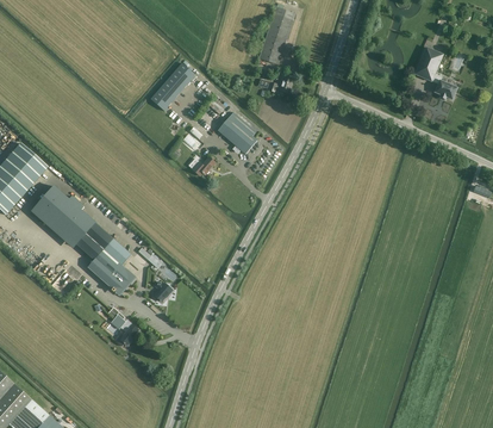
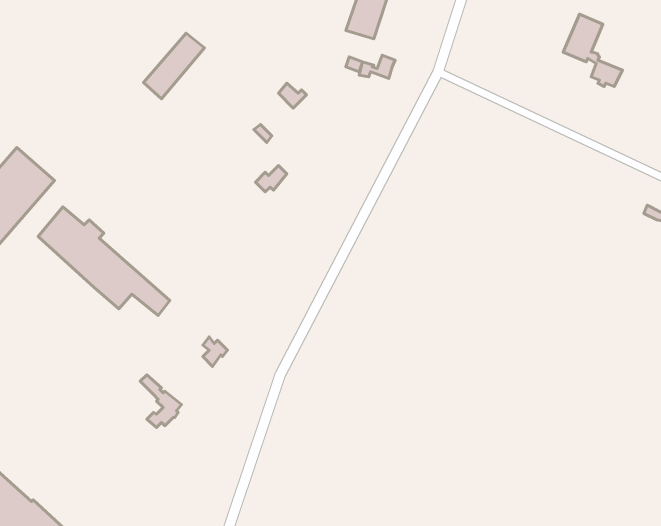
building: [150,63,194,111] -> [144,33,204,99]
building: [217,112,256,154] -> none
building: [87,249,135,293] -> none

